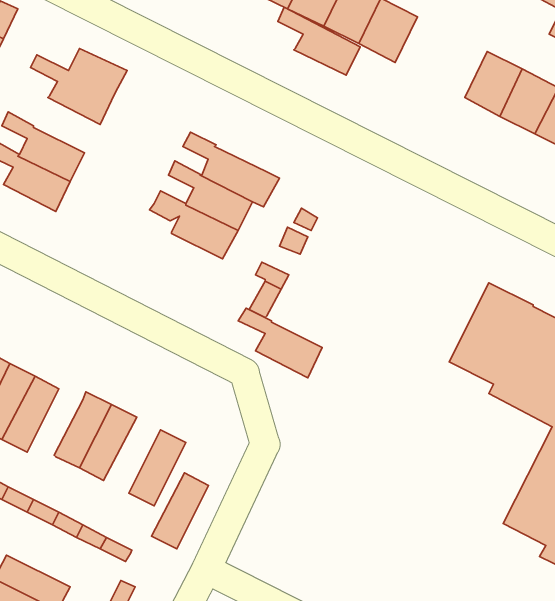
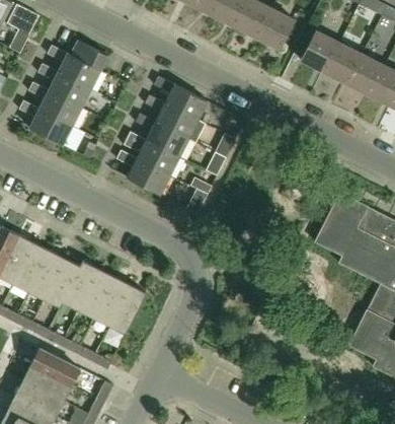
building: [278,7,360,75] -> [154,76,207,120]
building: none -> [301,31,338,72]
building: none -> [37,63,91,108]
building: [238,308,322,378] -> [115,150,169,195]
building: none -> [45,259,80,307]
building: [151,473,208,549] -> [93,277,130,326]
building: none -> [31,349,80,385]

